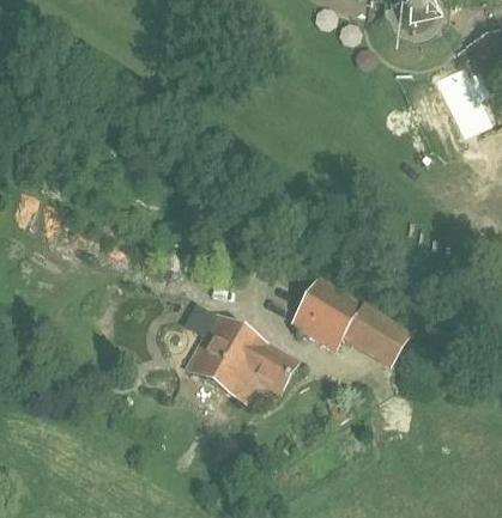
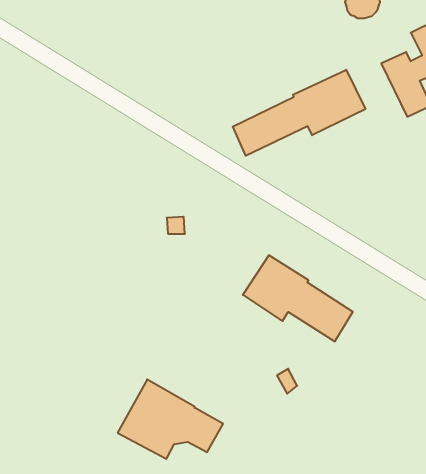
building: none -> [233,70,365,156]
building: [187,313,298,397] -> [118,379,223,459]

